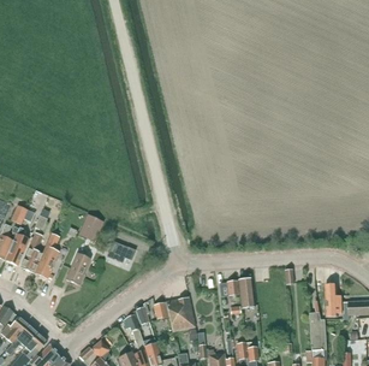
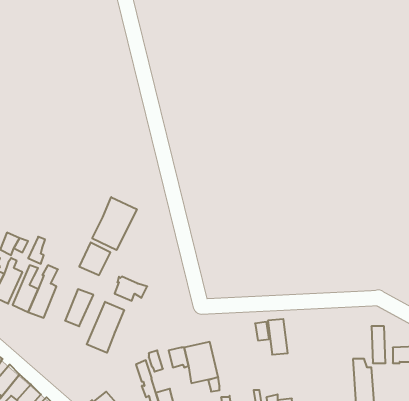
building: none -> [92,197,137,250]
building: none -> [87,302,124,353]

